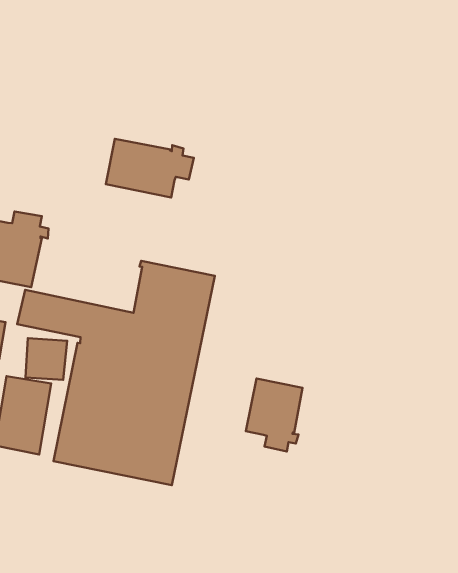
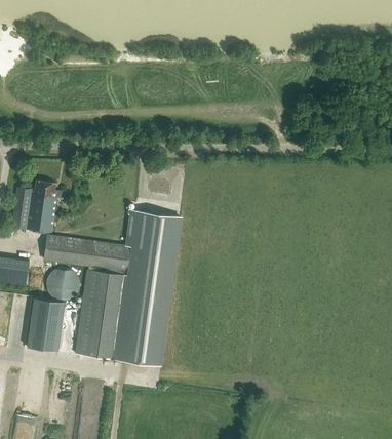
building: [106,139,194,198] -> none
building: [246,378,302,452] -> none

